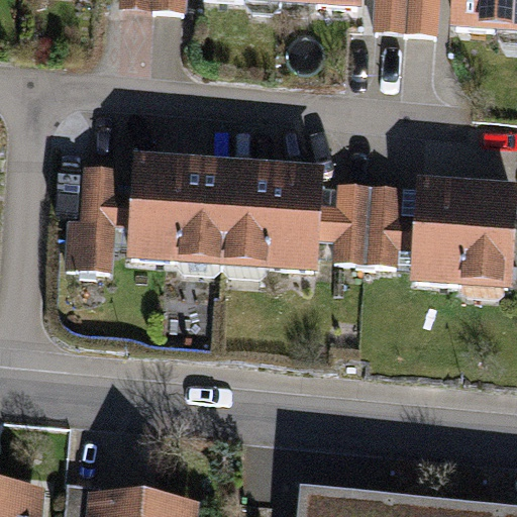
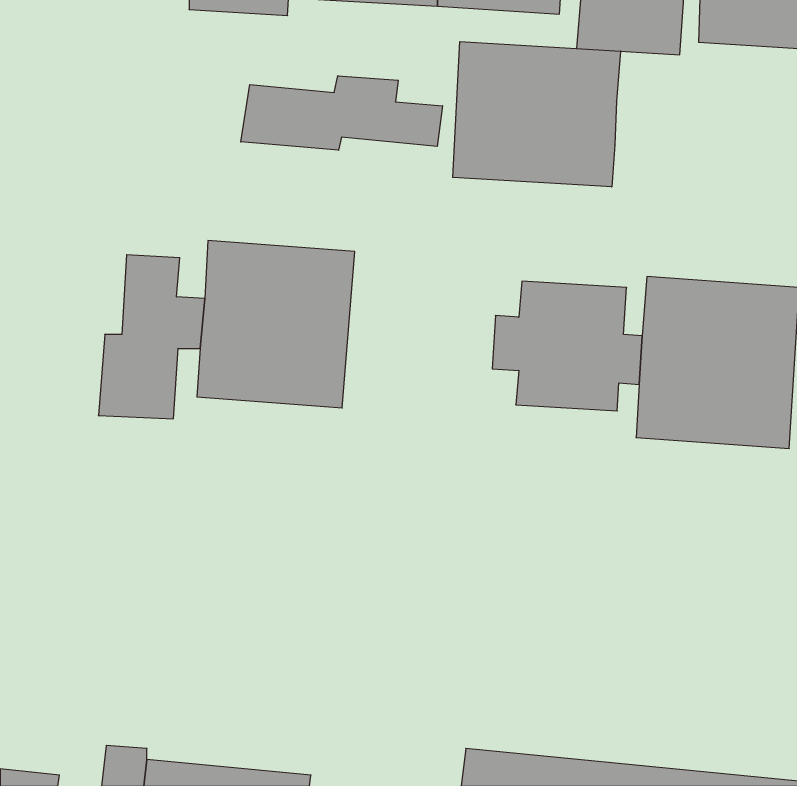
building: none -> [453,42,621,187]
building: none -> [241,76,442,150]
building: [222,163,323,271] -> none

